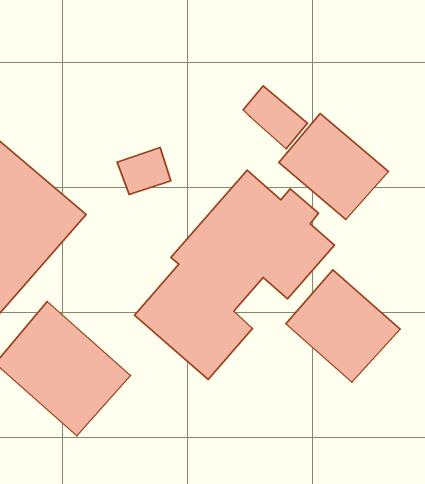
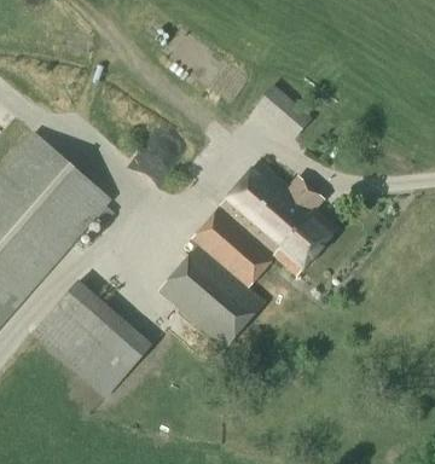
building: [279,114,388,219] -> none
building: [286,270,400,382] -> none

